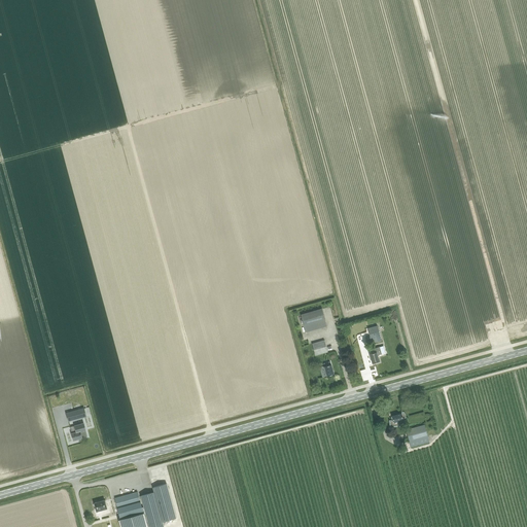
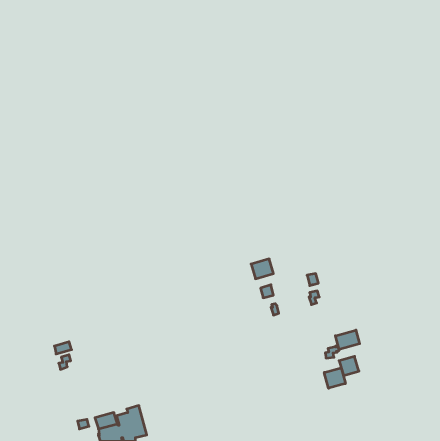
building: none -> [335,330,360,349]
building: none -> [324,368,345,388]

